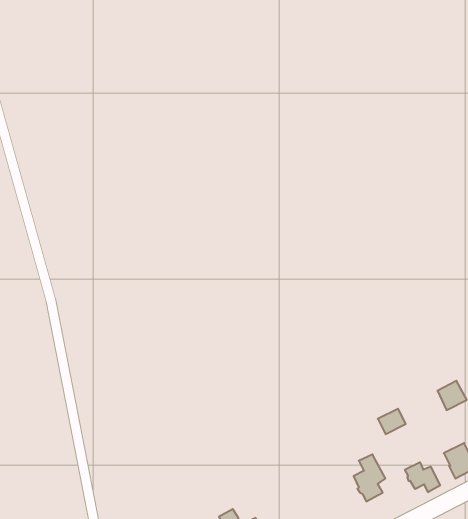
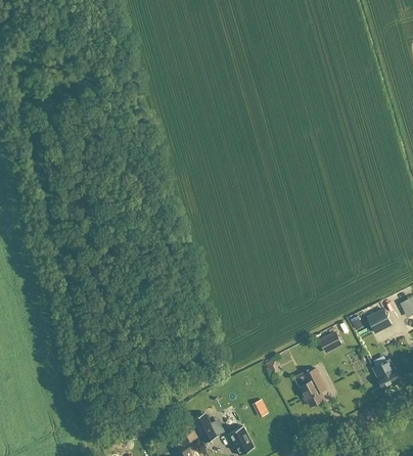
building: [405,462,440,492] -> none

